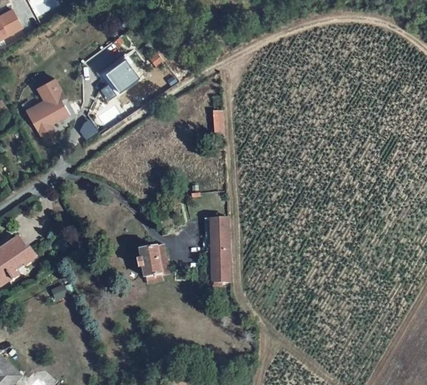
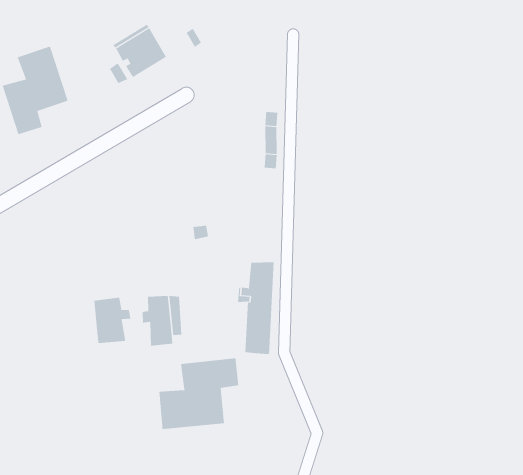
building: none -> [94,297,131,344]
building: none -> [159,358,239,430]

